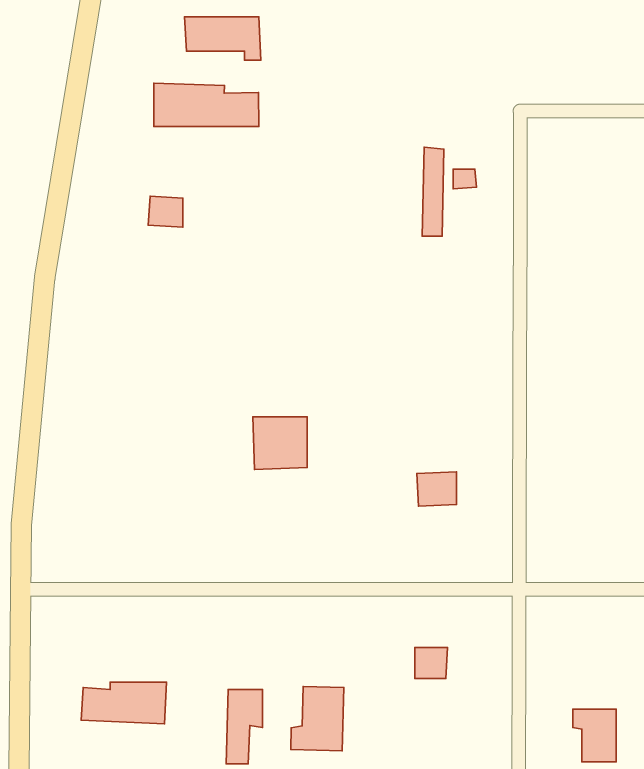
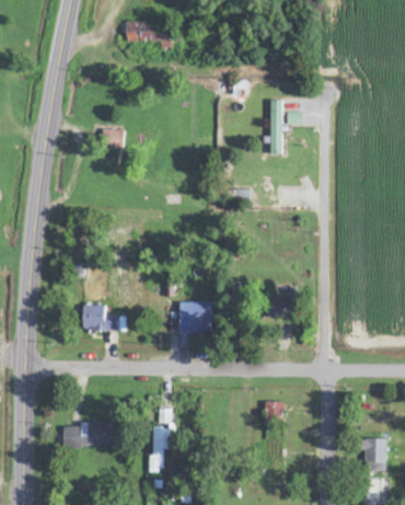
building: [154,83,259,126] -> none
building: [253,417,307,469] -> [178,301,211,333]
building: none -> [82,305,117,330]
building: [291,686,344,751] -> none

